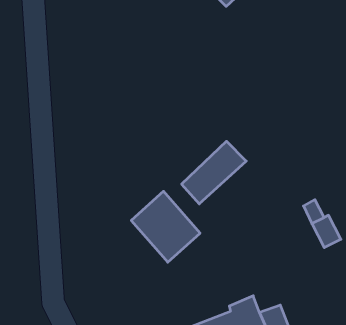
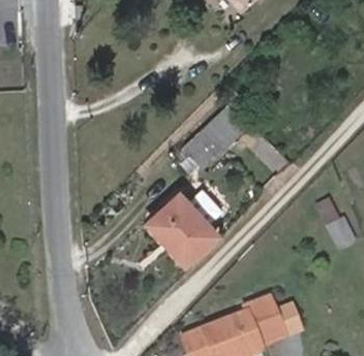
building: [182,141,246,204] -> [183,105,247,167]

